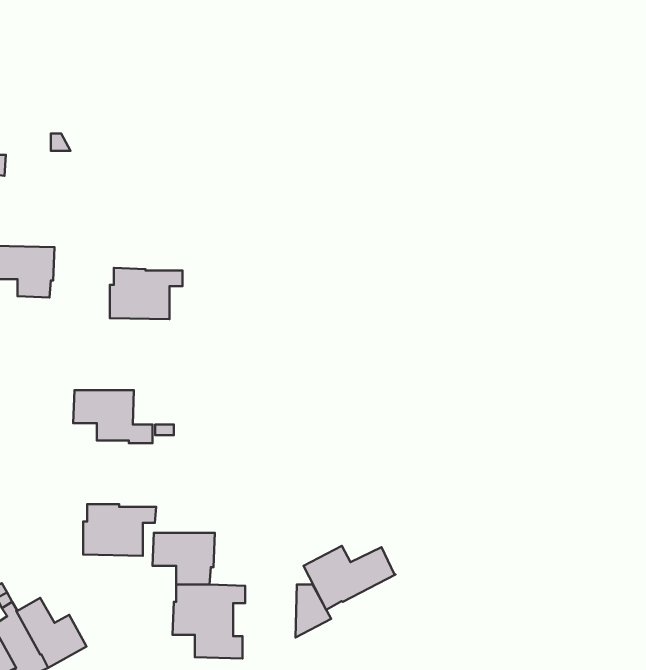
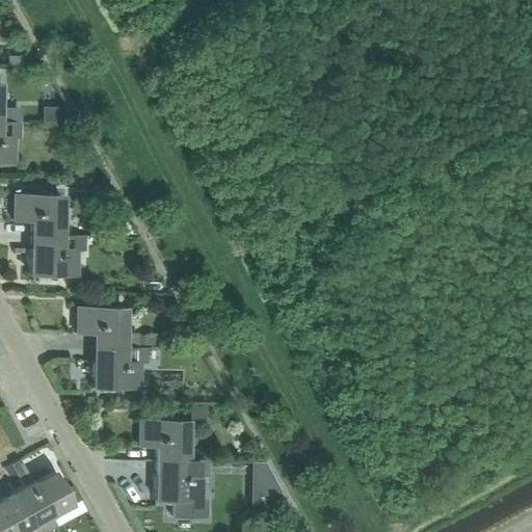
building: [110,268,183,319] -> [31,235,88,275]
building: [83,504,156,556] -> [94,348,151,389]
building: [304,546,396,610] -> none

